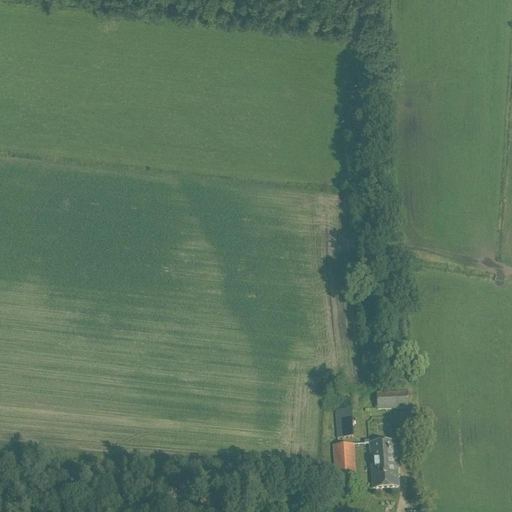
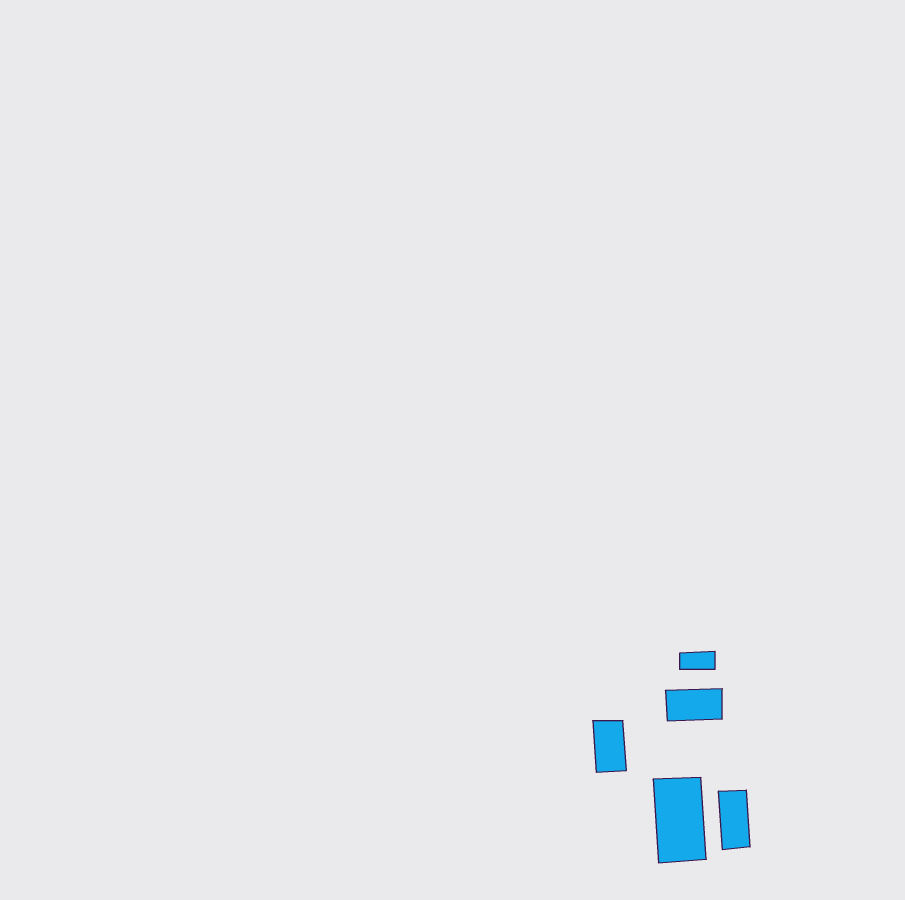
building: [332,440,356,476] -> none
building: none -> [719,790,750,850]

